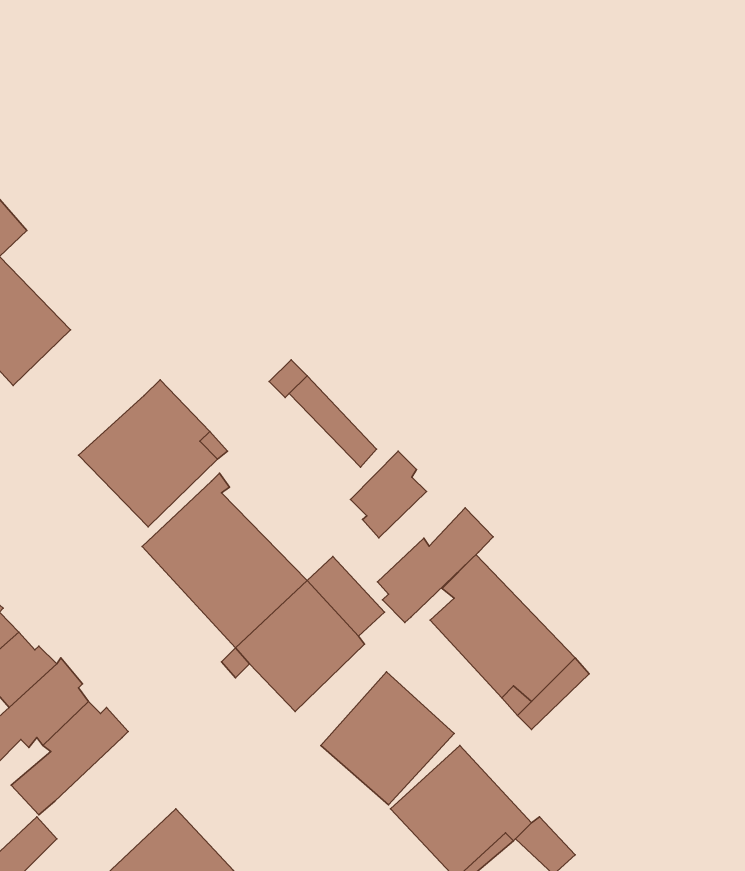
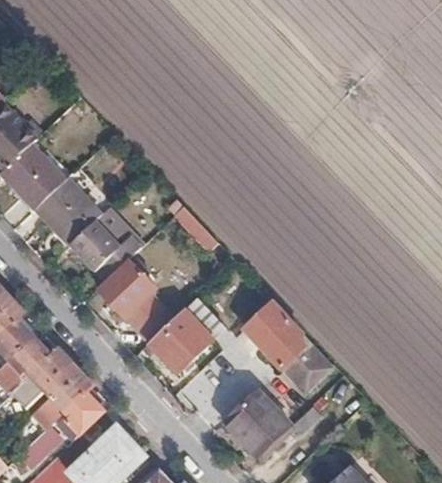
building: none -> [35,181,101,247]
building: [351,451,426,538] -> none
building: [377,508,493,623] -> none
building: none -> [56,389,105,439]

